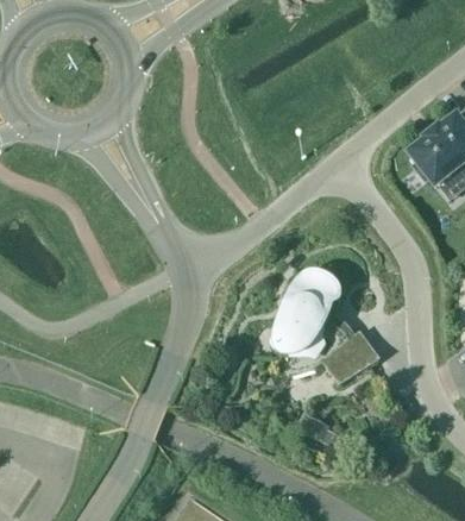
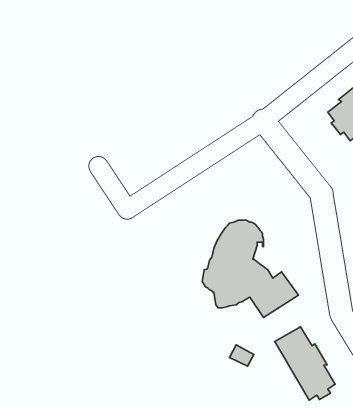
building: none -> [275,327,335,400]

